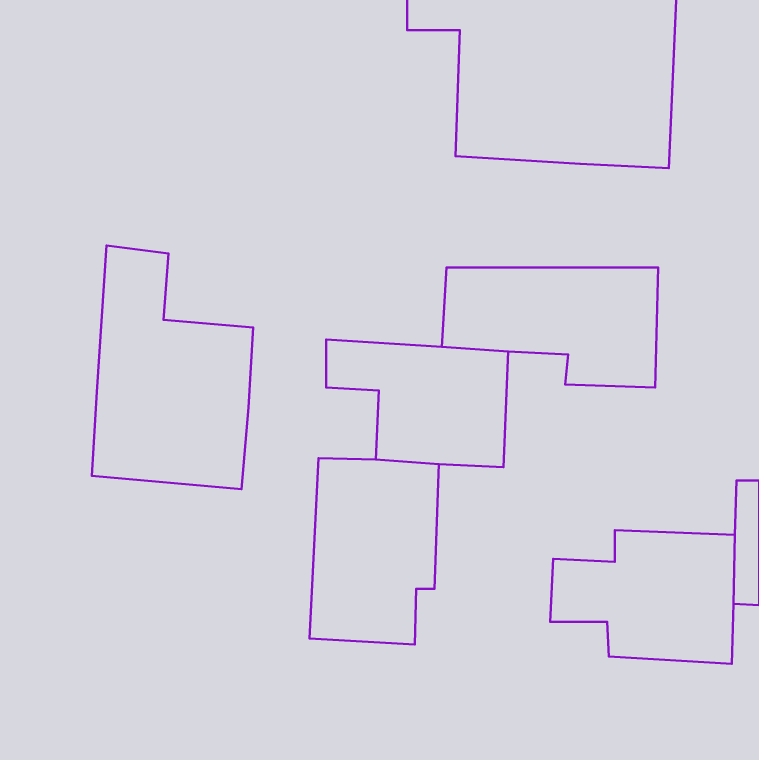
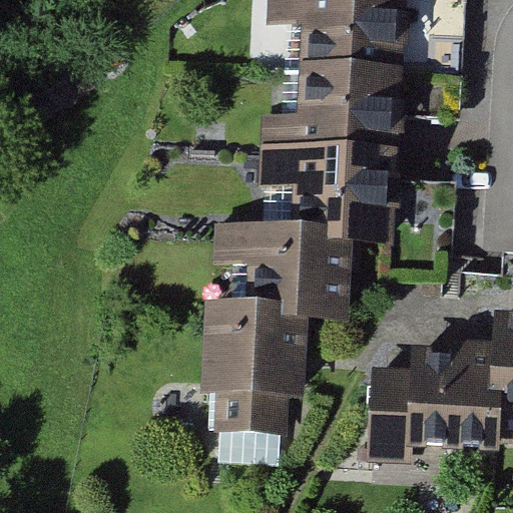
building: none -> [262,104,387,178]
building: [92,245,253,489] -> none

